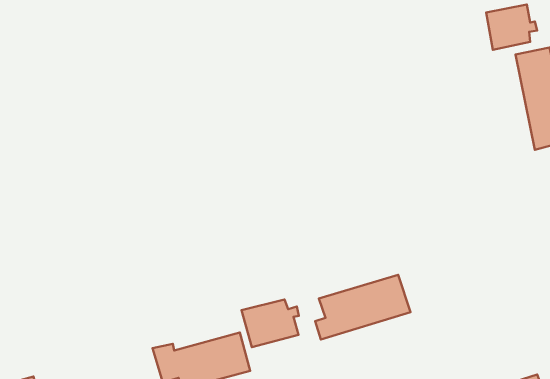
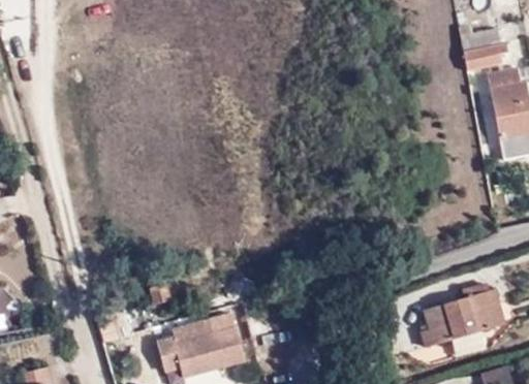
building: [315,275,411,339] -> [419,288,506,347]
building: [242,300,299,347] -> none

